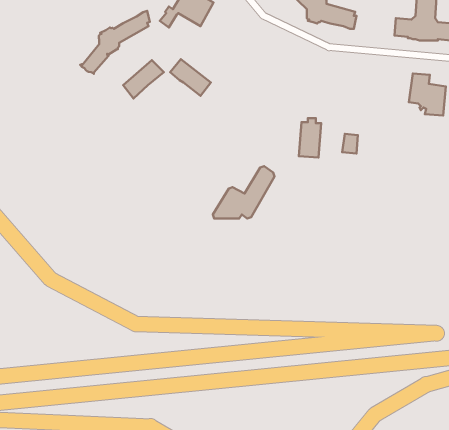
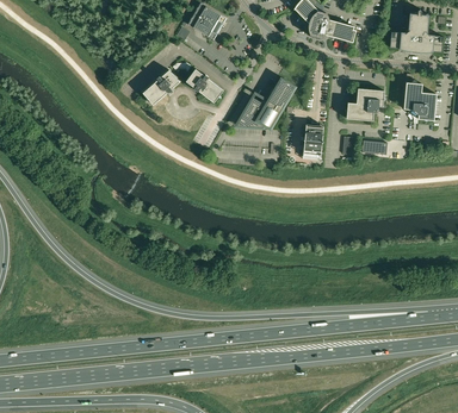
building: [80,11,150,74] -> none
building: none -> [345,87,383,119]
building: [213,166,275,219] -> [236,79,292,126]

